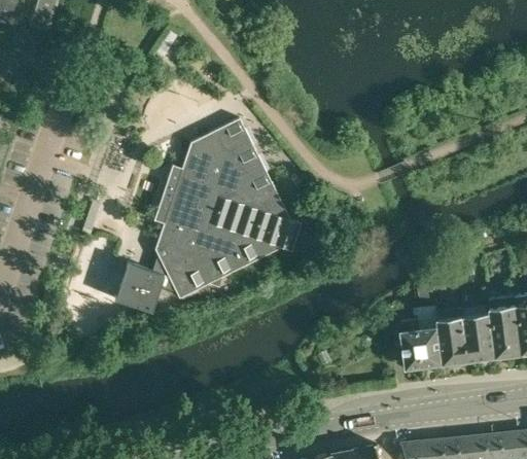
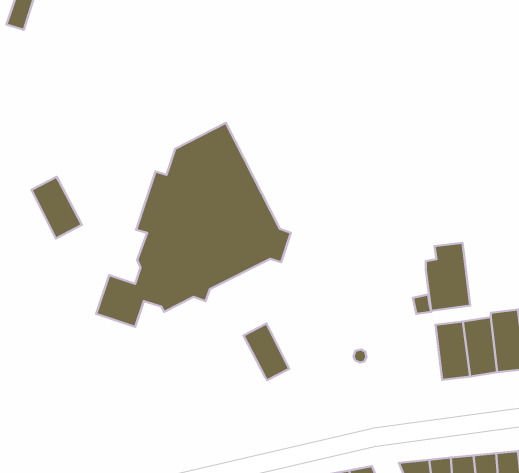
building: none -> [31,177,82,238]
building: [402,305,445,369] -> [426,243,470,311]
building: none -> [244,324,289,380]

